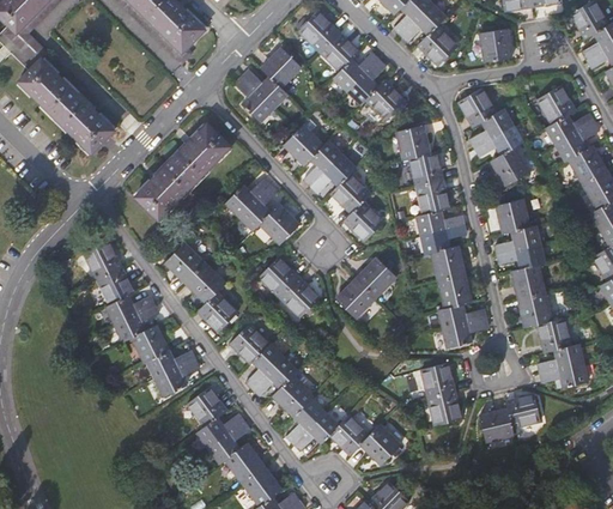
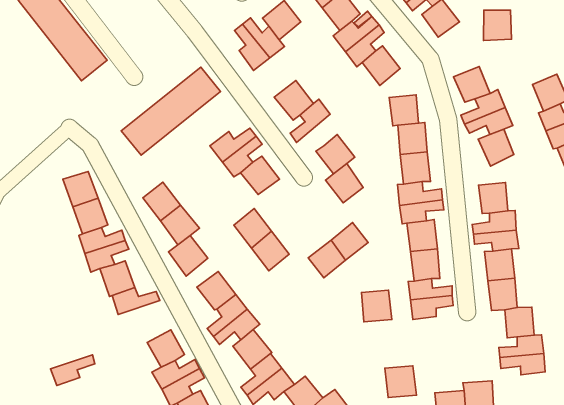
building: [311,154,356,194] -> none
building: [157,360,200,395] -> [51,355,95,386]
building: [421,364,455,399] -> [361,290,392,322]

